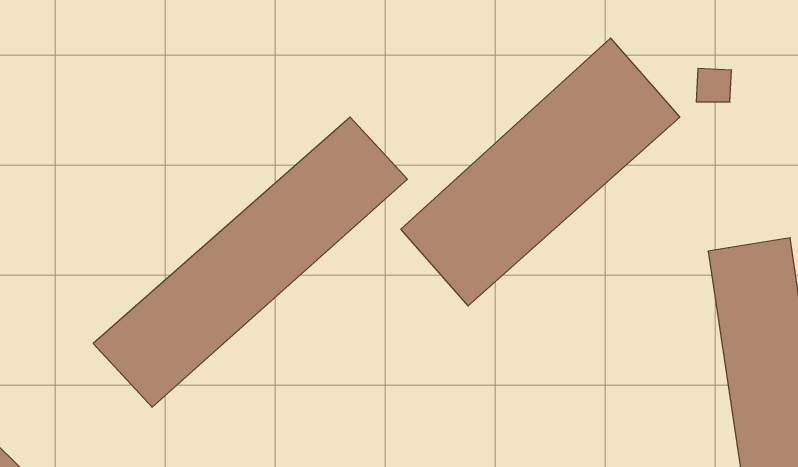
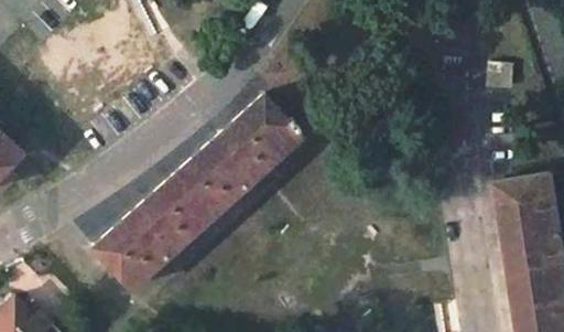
building: [401,38,680,306] -> none

